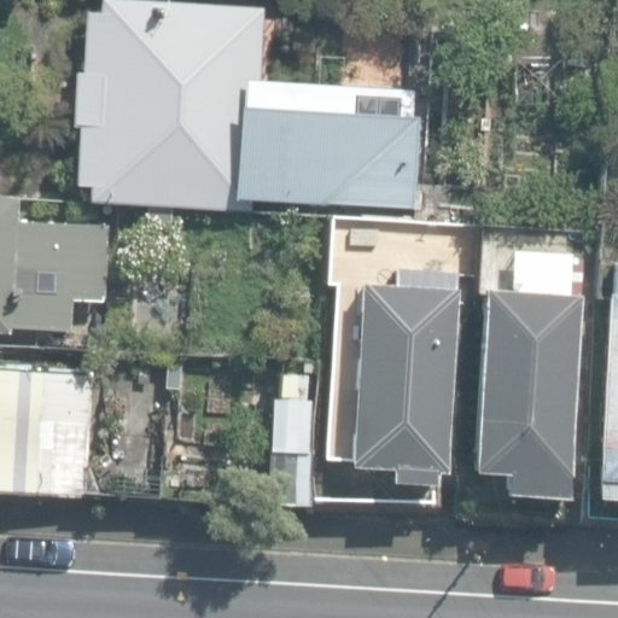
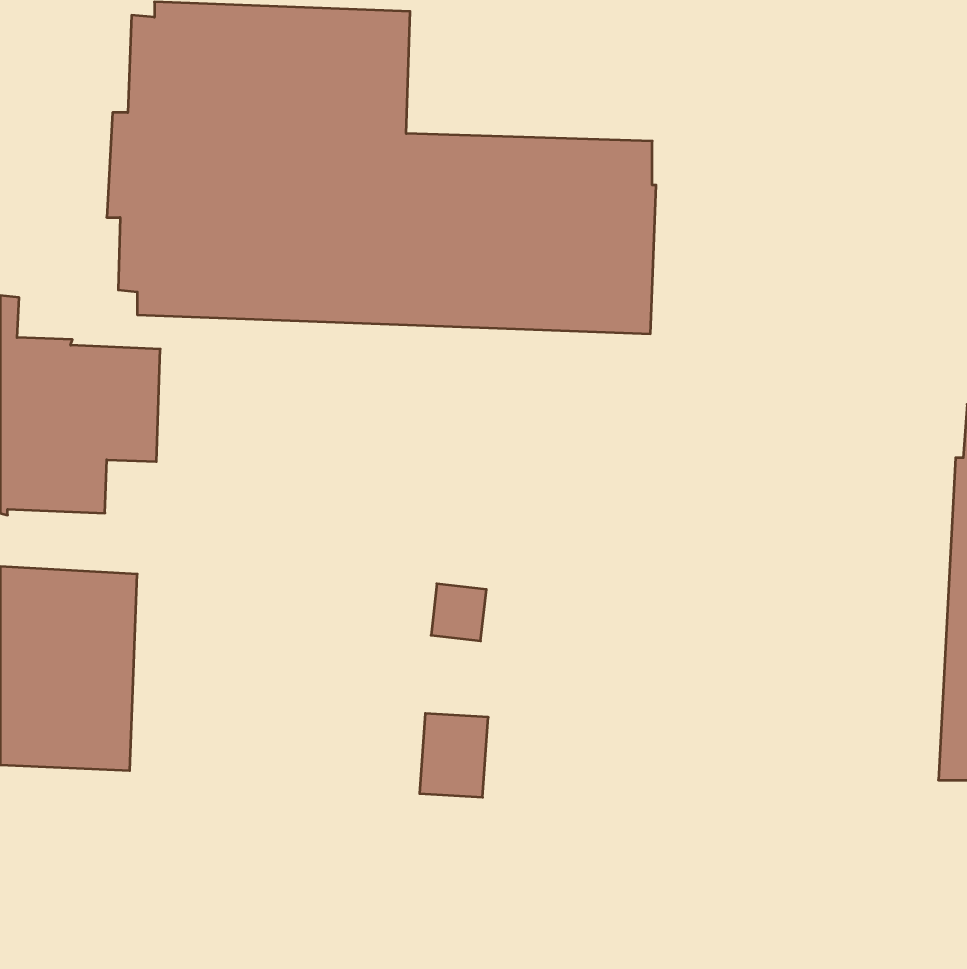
building: [474,249,583,499] -> none
building: [354,266,460,482] -> none

